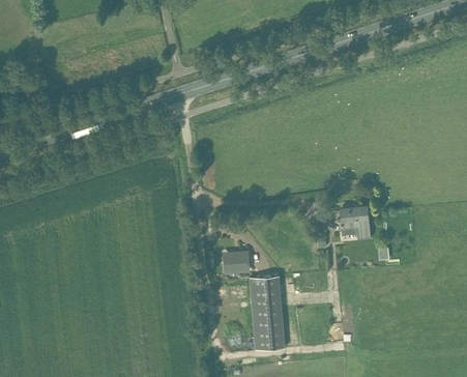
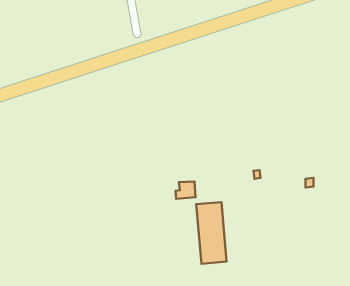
building: [340,206,369,239] -> none

